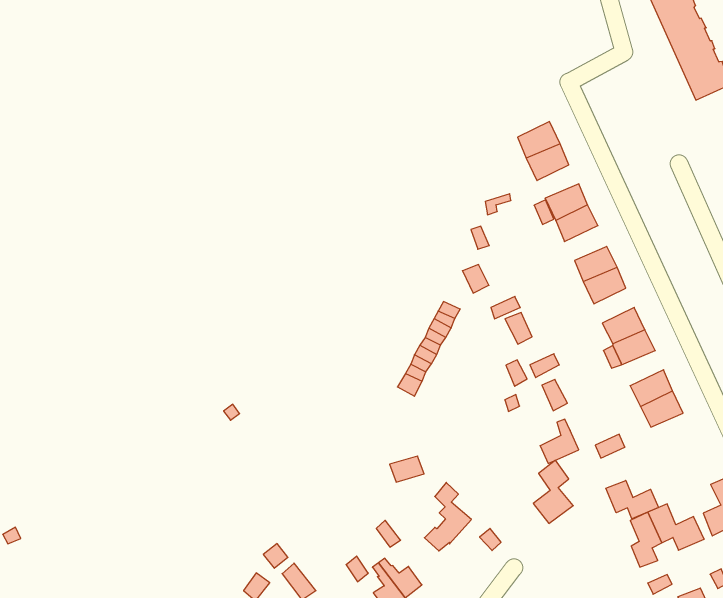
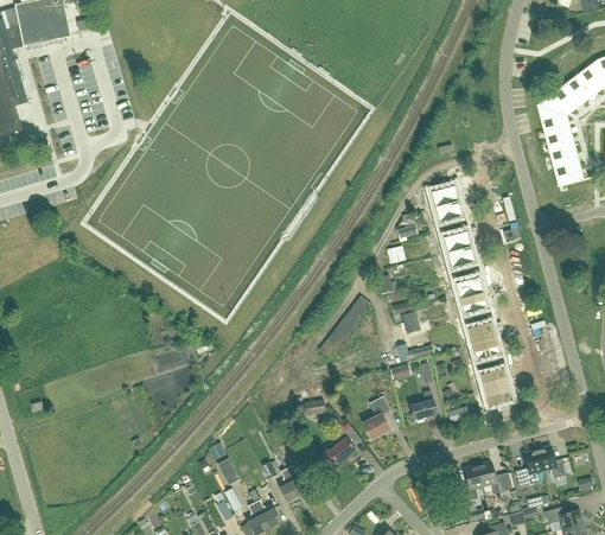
building: [533,460,573,523] -> [363,396,390,439]
building: [606,480,658,519] -> none

